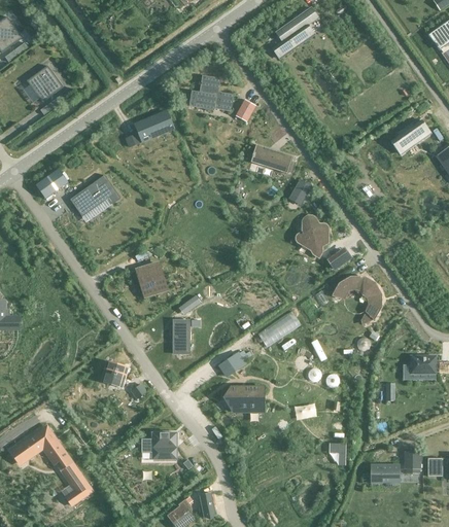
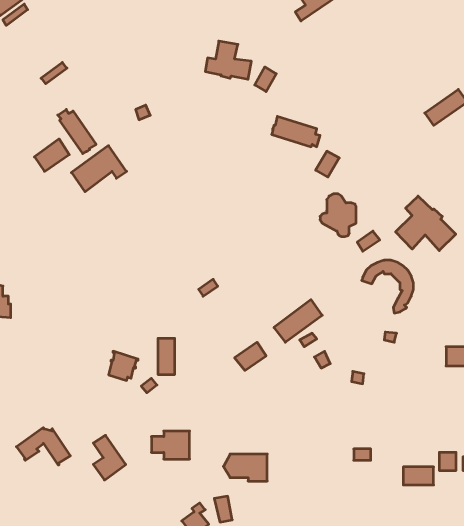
building: [24,66,64,103] -> none
building: [136,112,173,141] -> none
building: none -> [58,109,96,154]
building: none -> [396,196,456,251]
building: [137,265,167,294] -> none
building: [174,320,189,353] -> [158,338,175,374]
building: [224,387,265,412] -> [223,454,267,481]
building: [62,464,92,505] -> [93,435,126,480]

